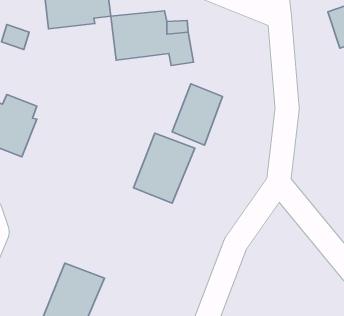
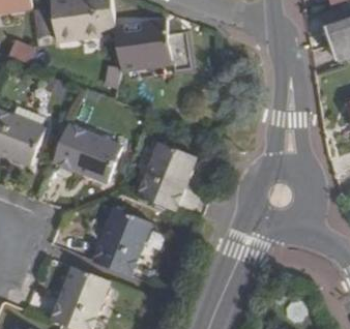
building: [172,84,223,145] -> none
building: none -> [52,123,119,181]
building: none -> [94,208,152,276]

